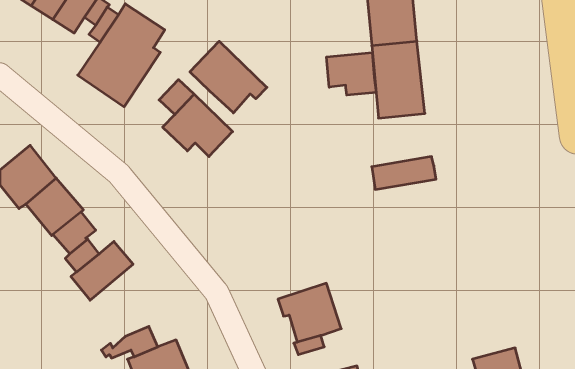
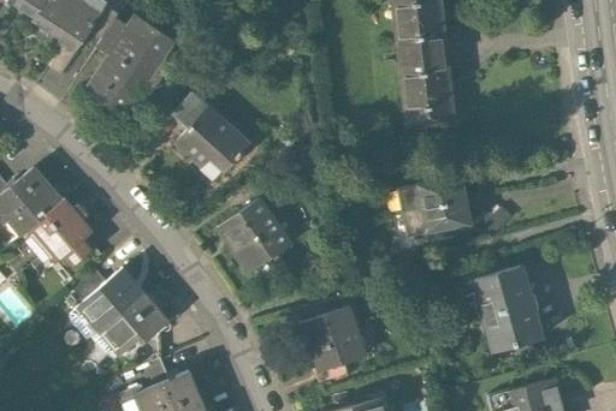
building: [190,41,267,113] -> none
building: [327,52,376,95] -> none
building: none -> [217,199,289,274]
building: none -> [402,201,470,236]
building: none -> [472,266,539,351]
building: none -> [99,291,167,356]

